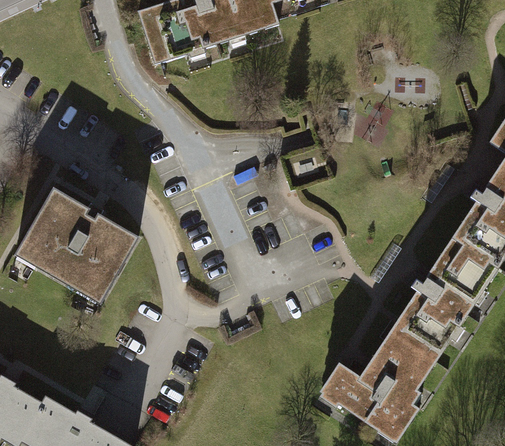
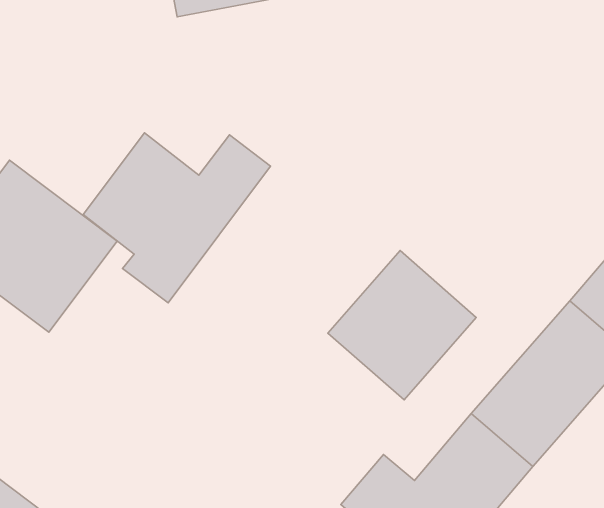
building: none -> [83,133,270,303]
building: none -> [328,251,476,400]

